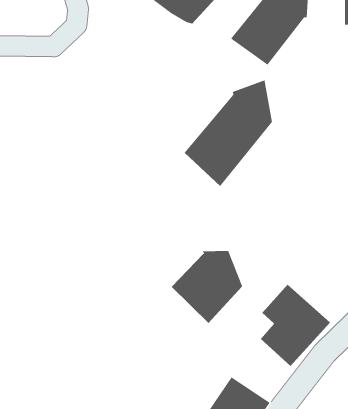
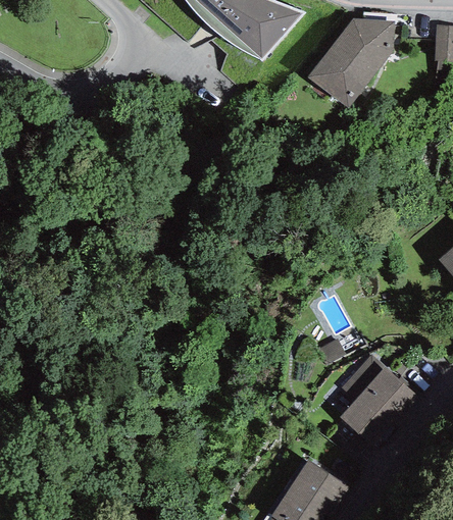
building: [184,80,272,187] -> none
building: [171,250,243,324] -> none

